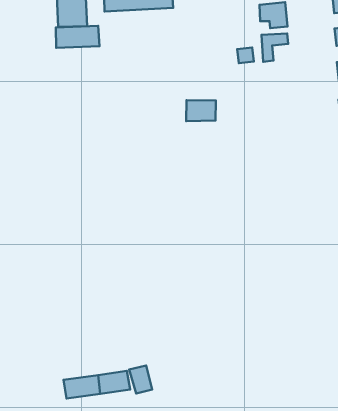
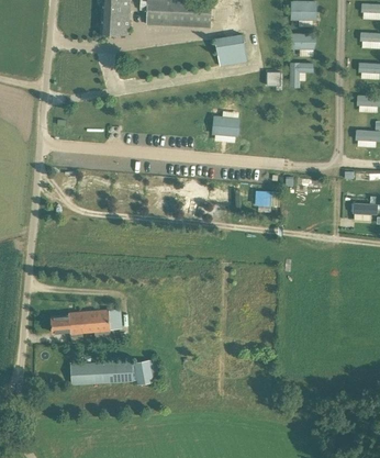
building: none -> [213,33,246,65]
building: [56,26,100,48] -> none
building: none -> [51,310,121,334]

